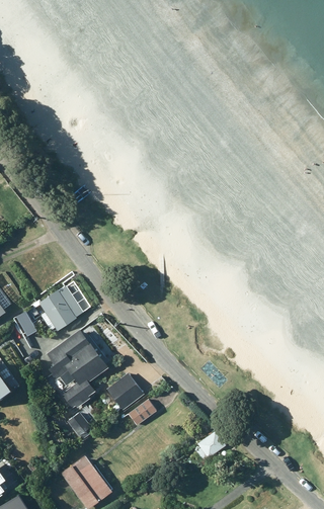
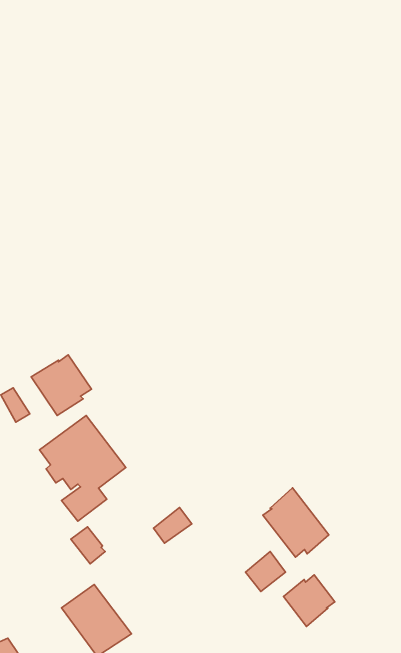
building: [107,371,145,409] -> none
building: none -> [263,488,329,557]
building: none -> [283,575,335,626]

